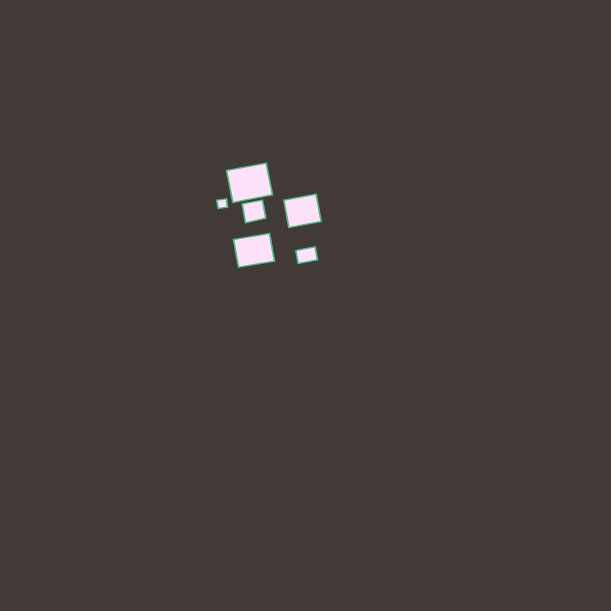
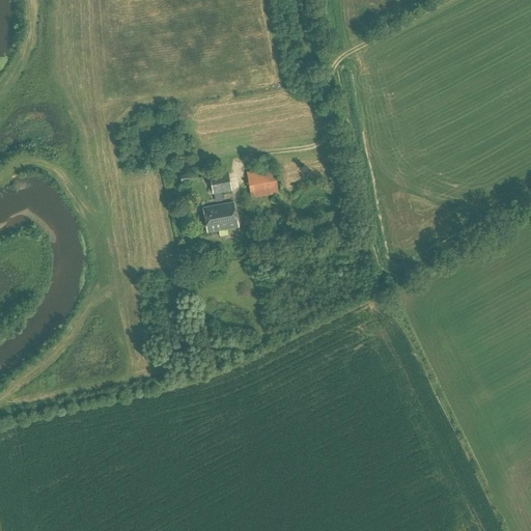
building: [227,163,272,202] -> none

